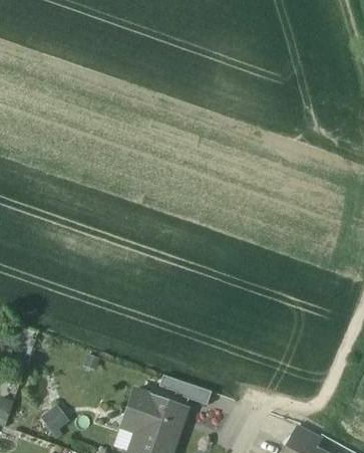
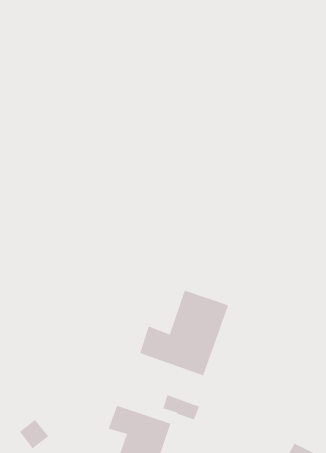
building: none -> [139,290,229,376]

